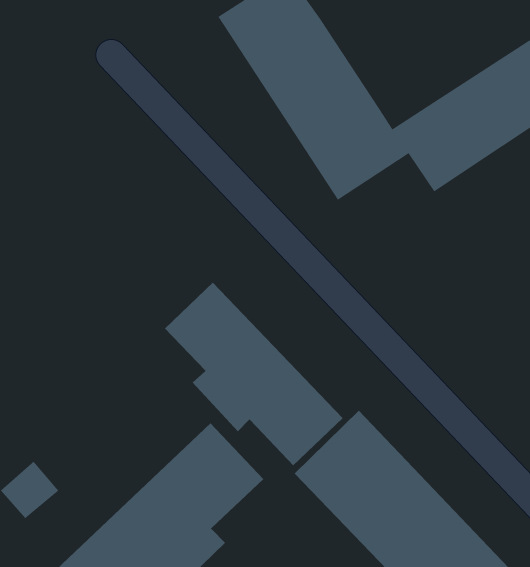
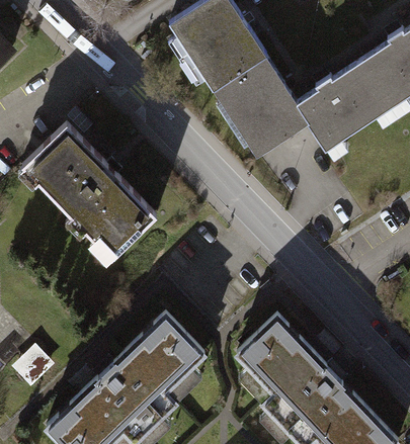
building: none -> [22,124,158,261]
building: [164,282,343,466] -> none

